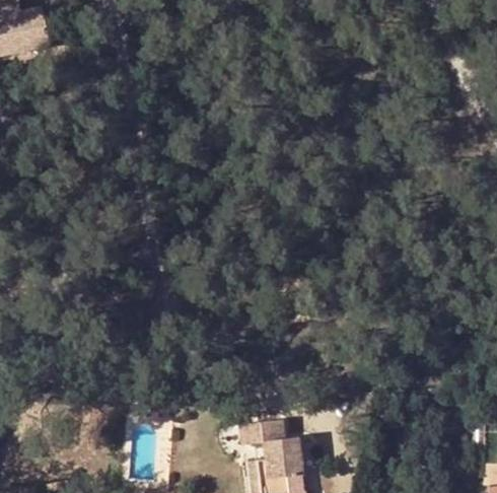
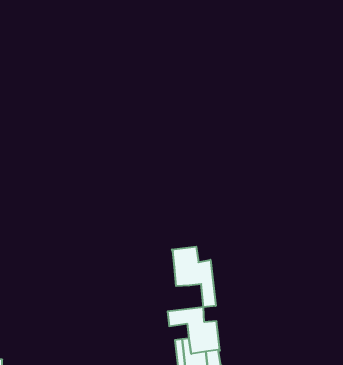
building: none -> [172,247,216,307]

